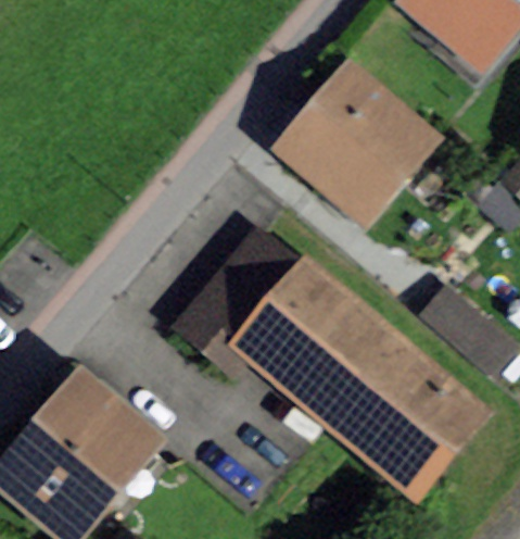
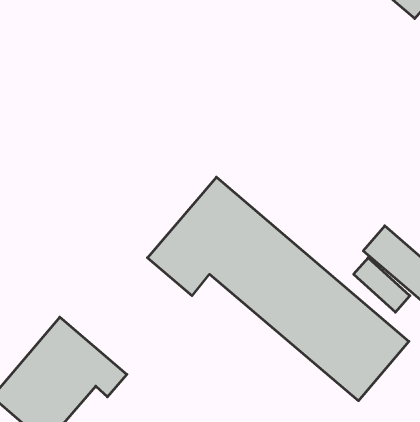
building: [290,79,428,213] -> none

